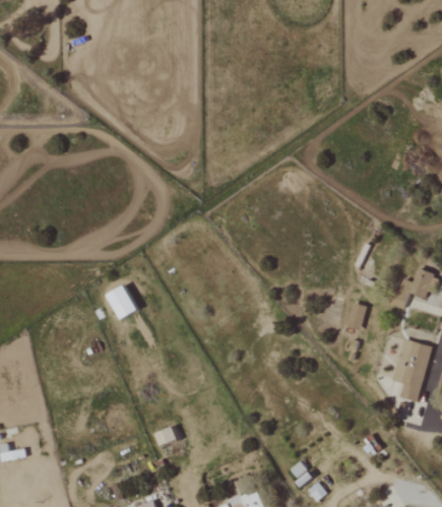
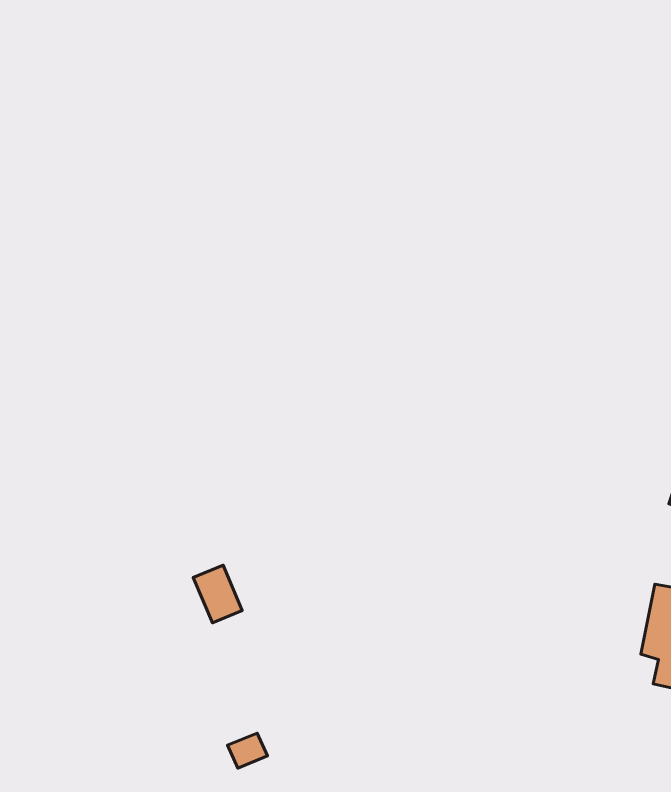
building: [107,286,135,319] -> [193,565,242,623]

